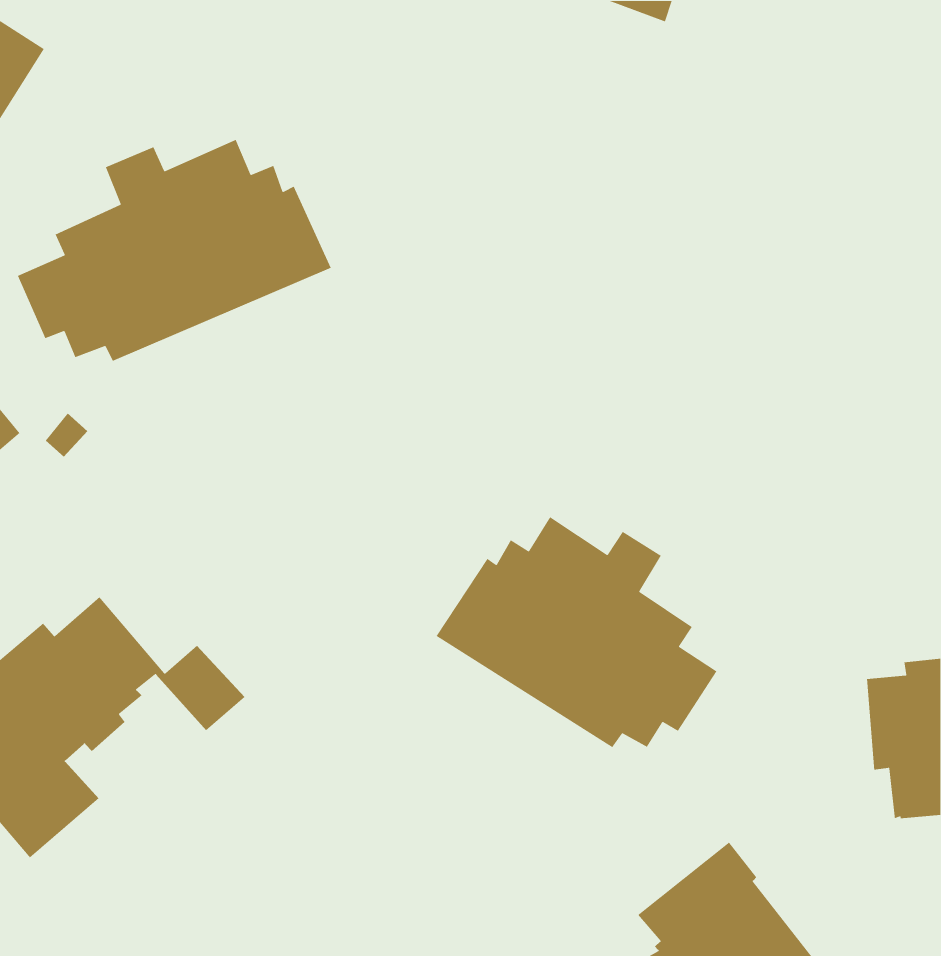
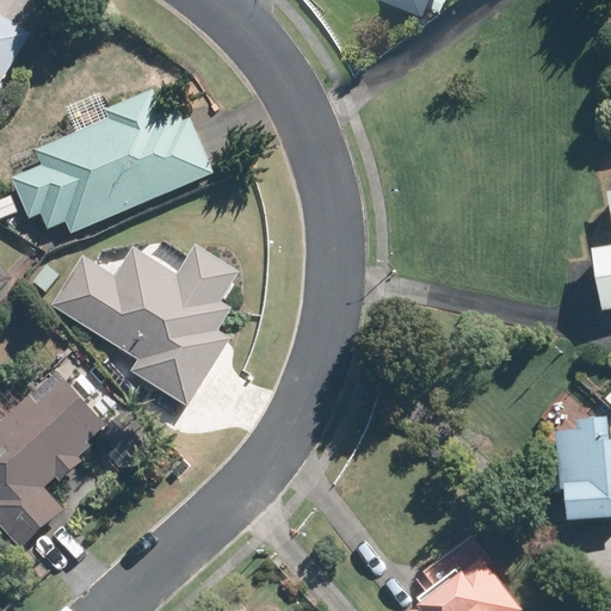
building: none -> [54,245,237,407]
building: [435,516,717,748] -> none

